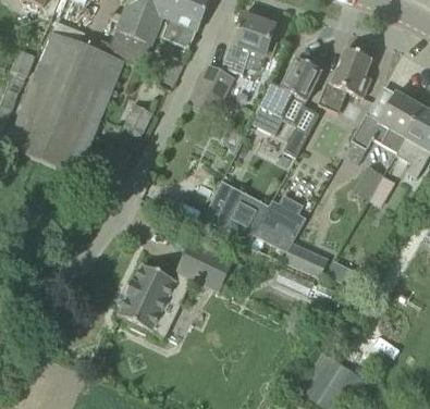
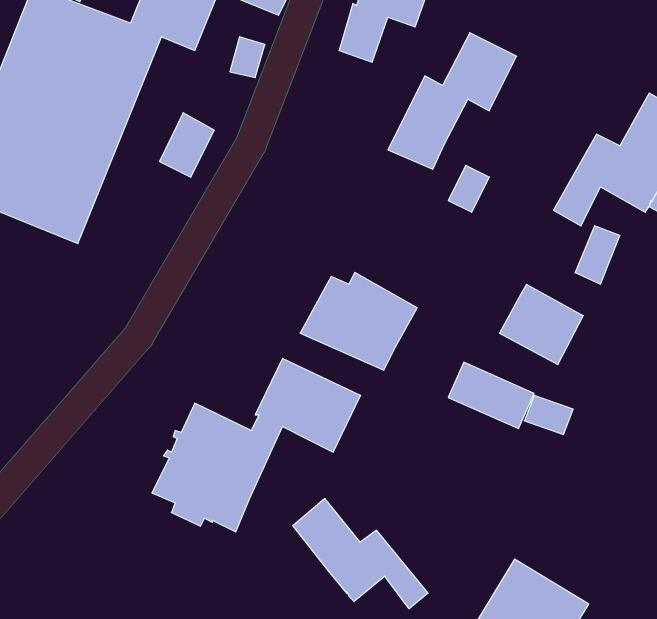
building: [317,47,372,111] -> none
building: [187,63,233,112] -> none
building: [254,204,300,249] -> [499,284,583,364]
building: none -> [293,499,428,609]

